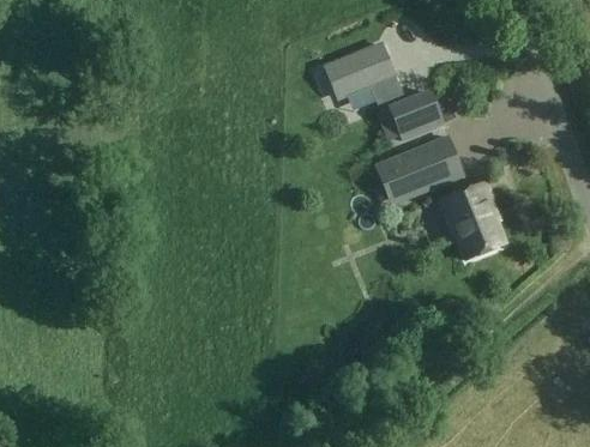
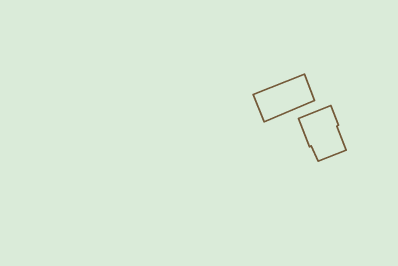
building: [326,43,399,98] -> none
building: [386,89,442,141] -> none

